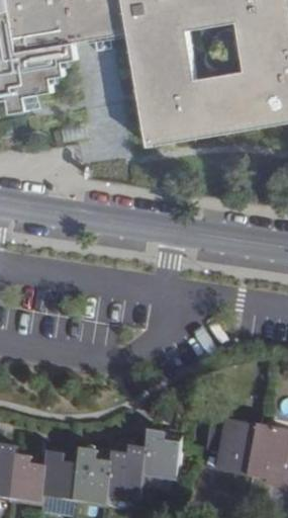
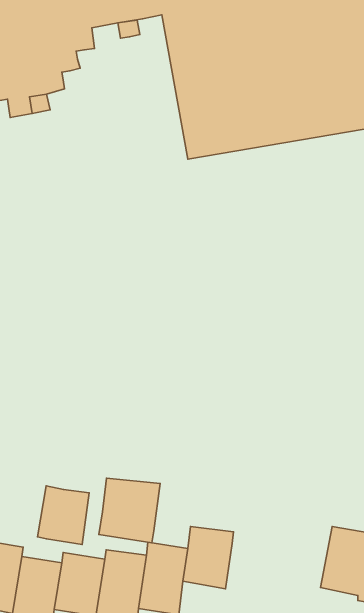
building: none -> [99,478,160,543]
building: none -> [37,486,89,544]
building: [206,413,260,479] -> none

